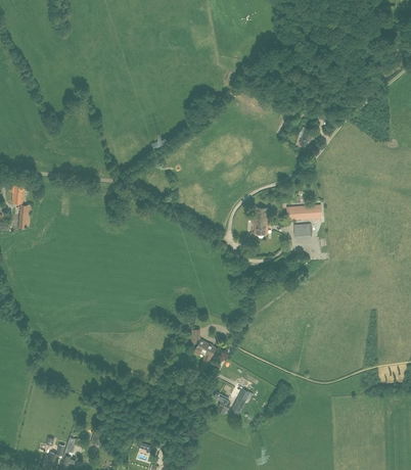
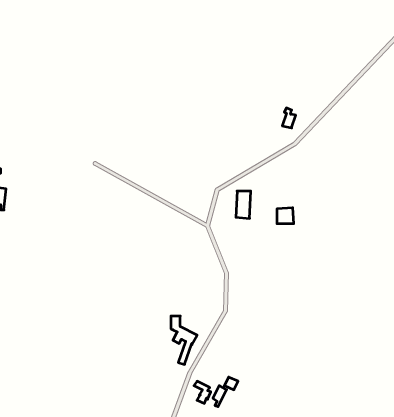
building: [285,203,321,221] -> none

